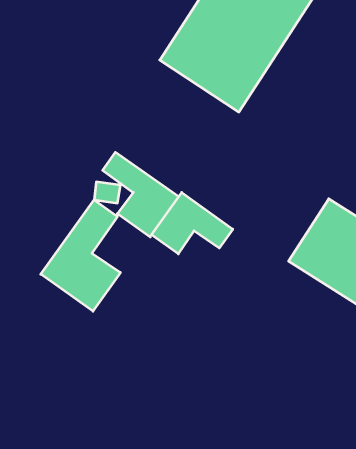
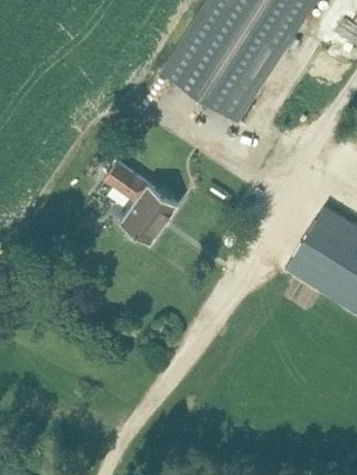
building: [152,192,233,254] -> none
building: [41,200,120,311] -> none

